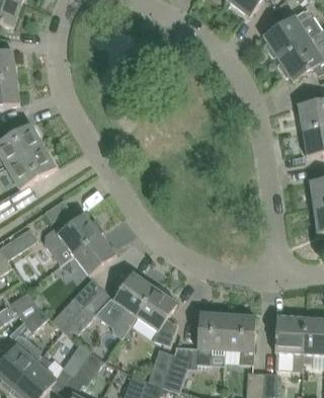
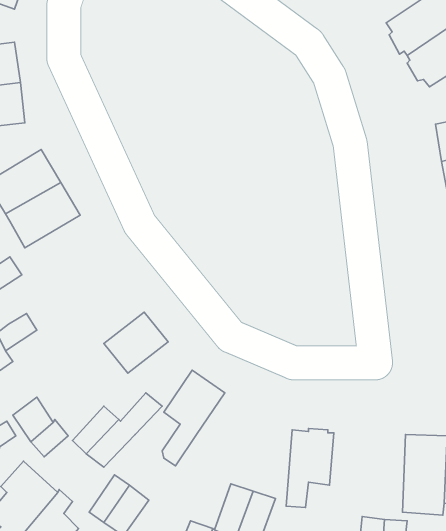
building: [45,212,103,264] -> none
building: [136,285,176,343] -> none
building: [226,315,257,365] -> none

